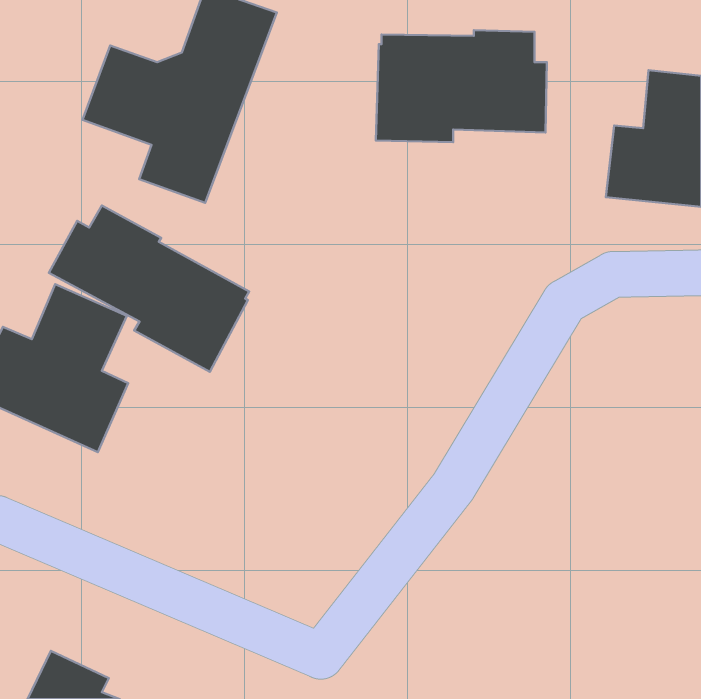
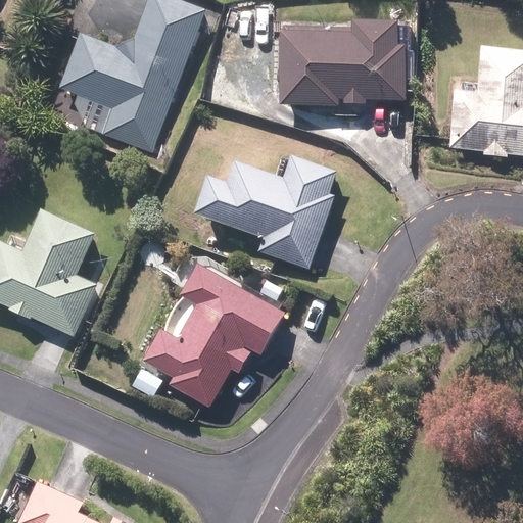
building: [49,206,249,372] -> none
building: none -> [195,157,335,265]
building: none -> [140,265,283,405]

